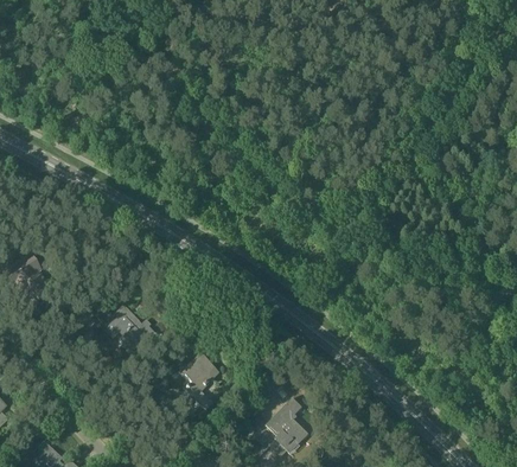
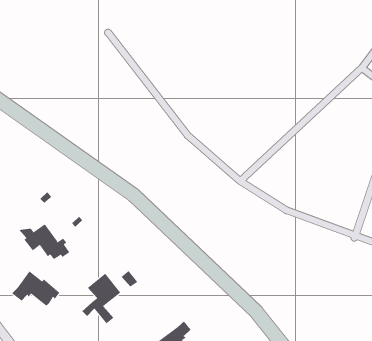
building: none -> [11,271,60,307]

